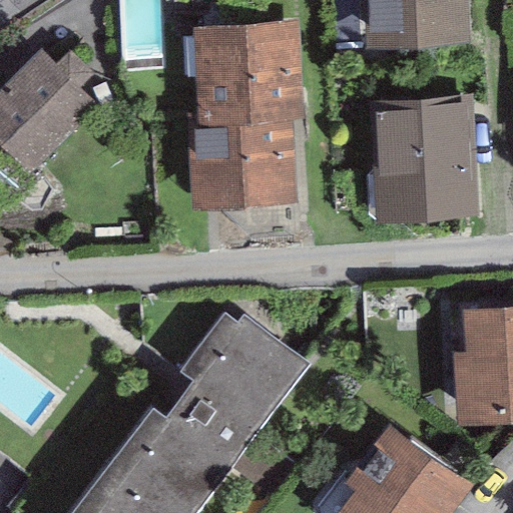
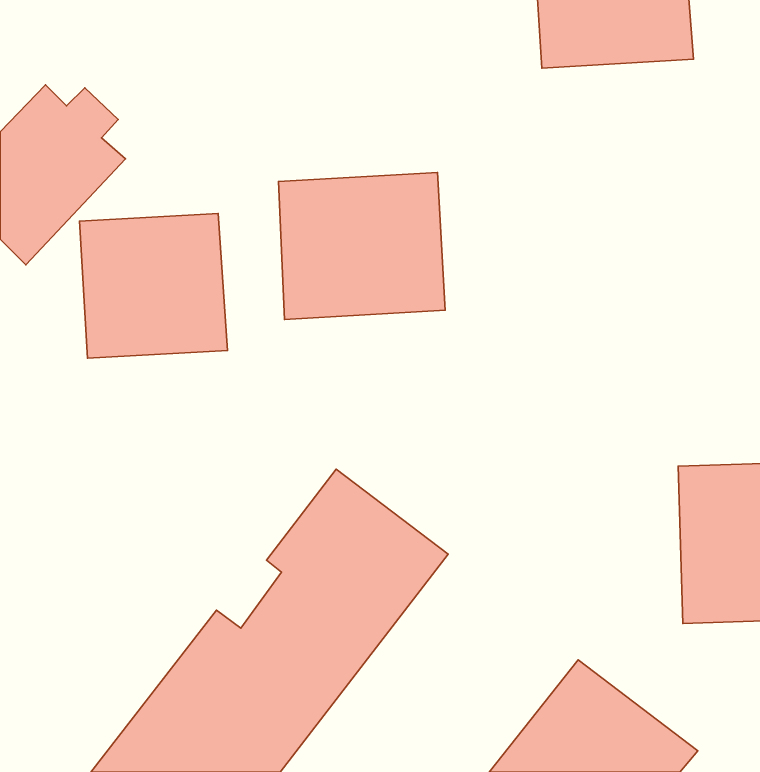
building: [188,23,299,120] -> none
building: [369,105,476,220] -> none
building: none -> [80,213,227,358]

